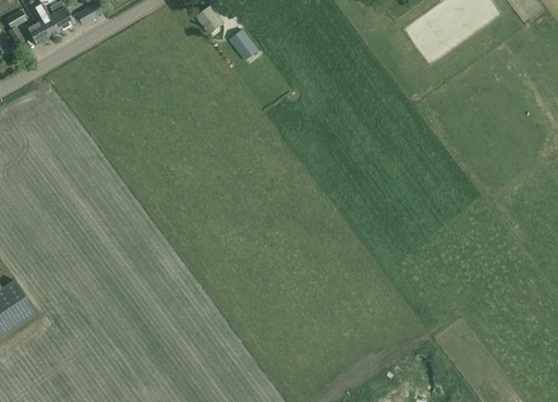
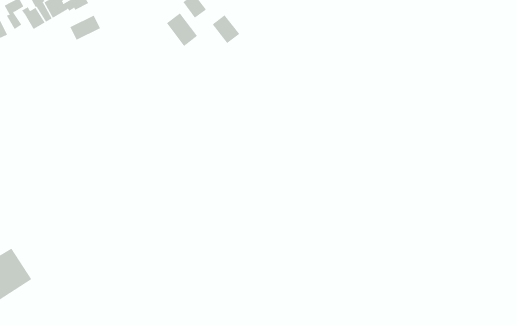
building: none -> [166,12,198,47]
building: none -> [69,15,101,41]

